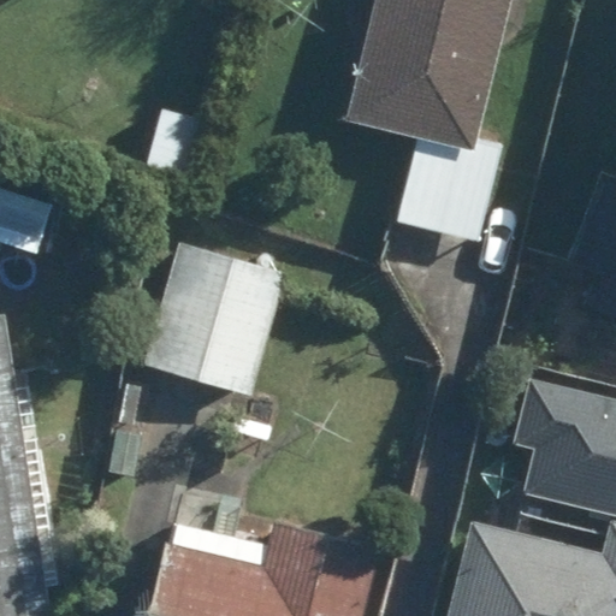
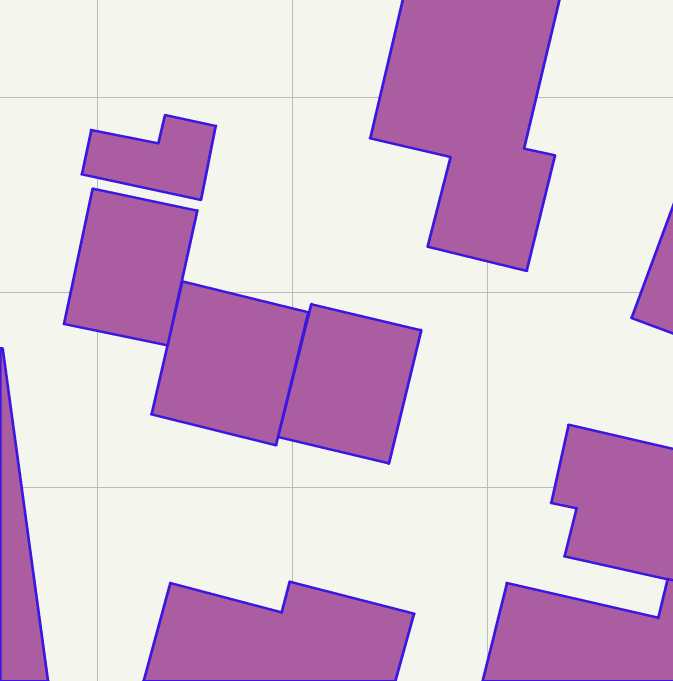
building: none -> [64,189,197,345]
building: none -> [278,304,421,464]

